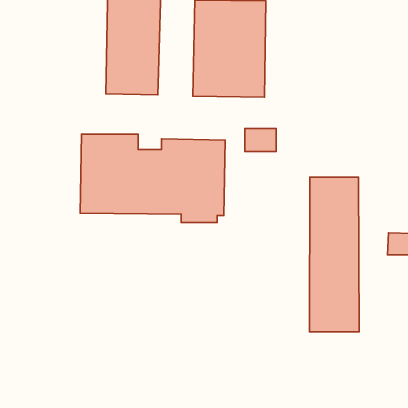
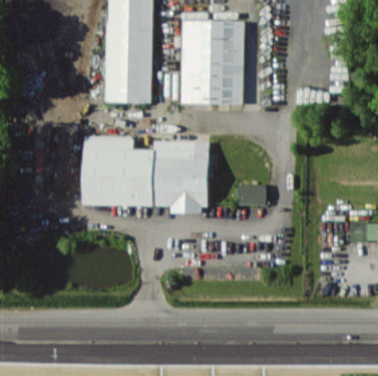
building: [245,128,276,152] -> [237,184,264,205]
building: [309,177,359,332] -> none

